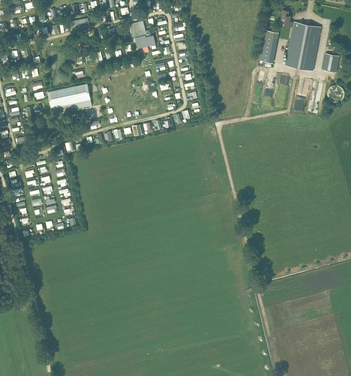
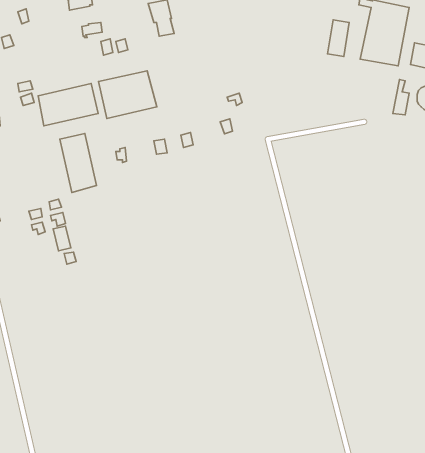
building: none -> [99,71,157,118]
building: none -> [60,133,97,193]

